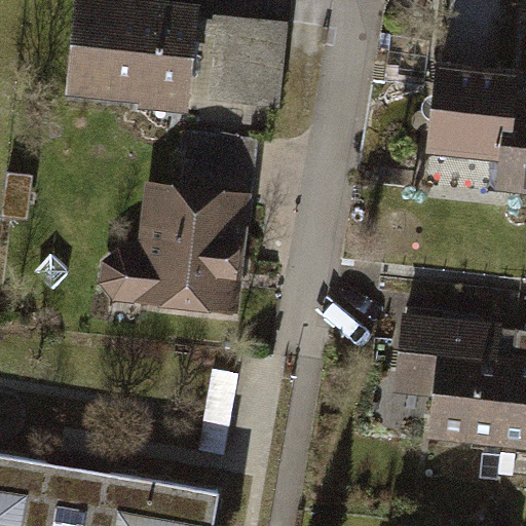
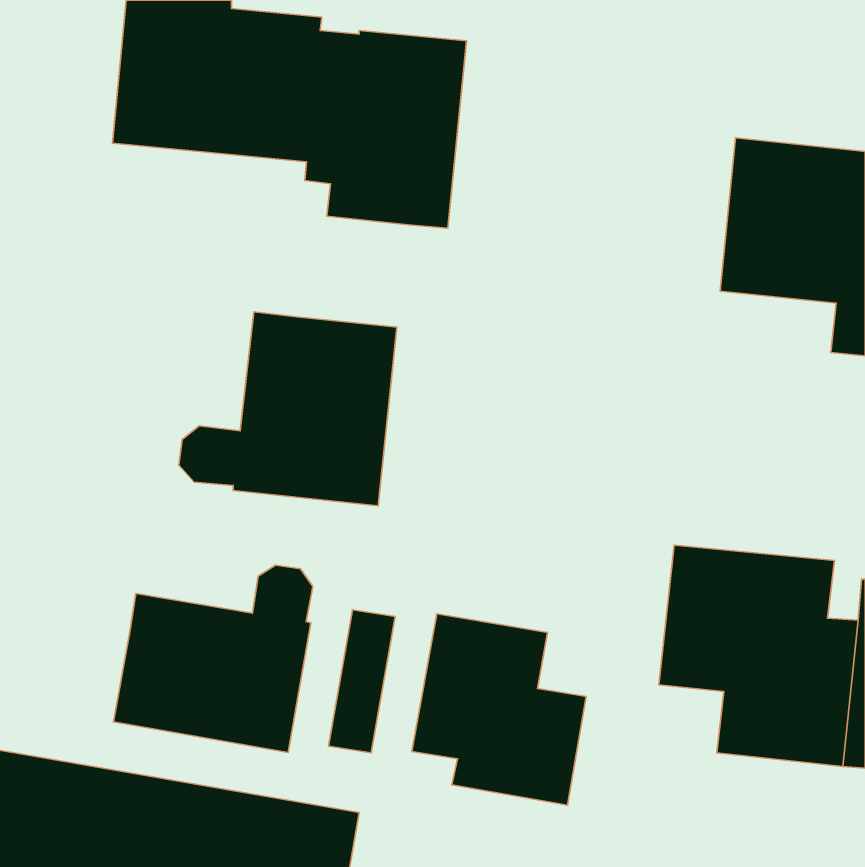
building: [179,132,247,199] -> none
building: none -> [114,565,313,753]
building: none -> [412,614,586,805]

